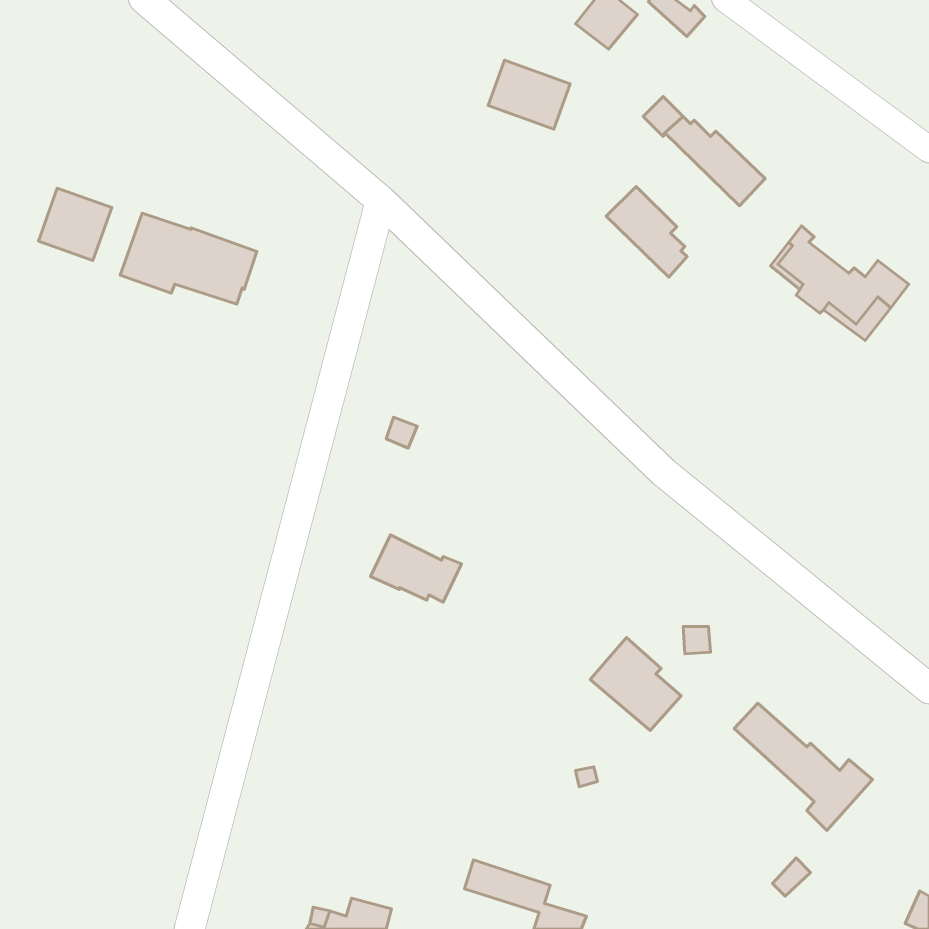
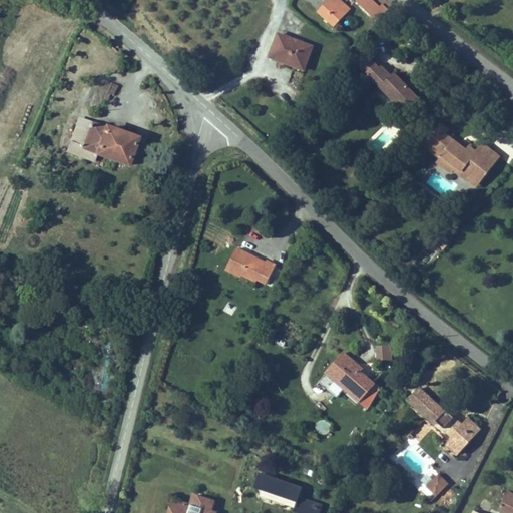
building: [606,187,687,277] -> none
building: [38,188,112,261] -> none
building: [370,535,462,602] -> [226,247,277,285]

